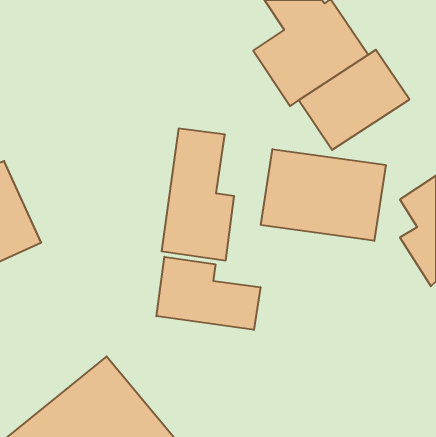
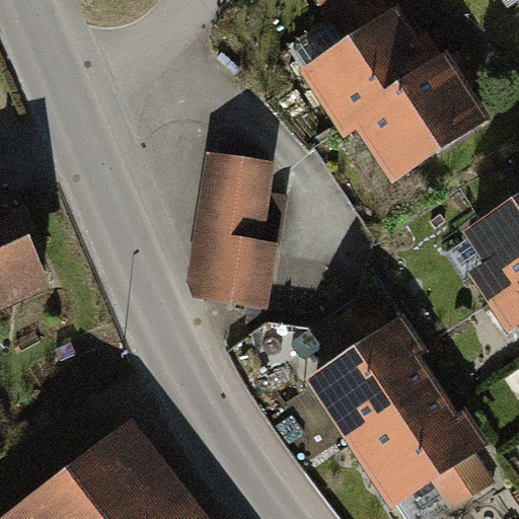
building: [261,149,386,241] -> none
building: [156,257,260,330] -> none
building: none -> [313,320,493,514]

